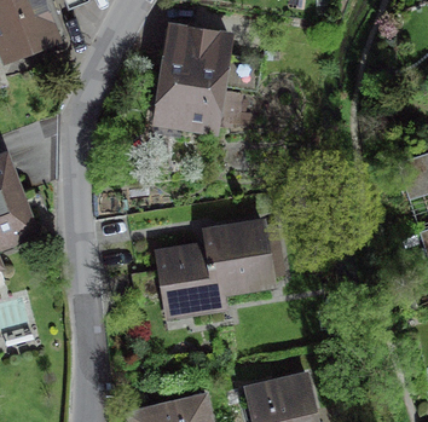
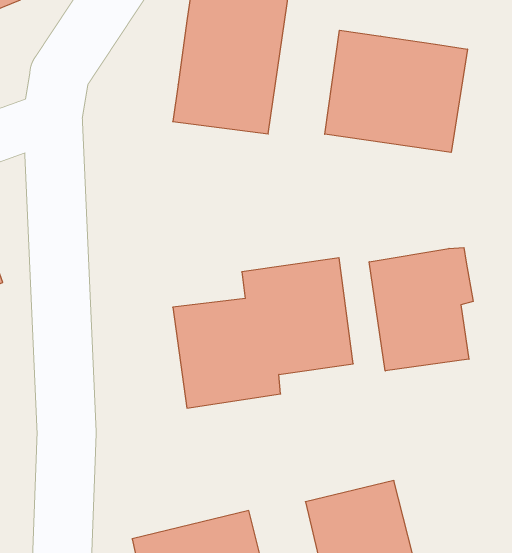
building: none -> [325,30,467,152]
building: none -> [369,248,473,371]

